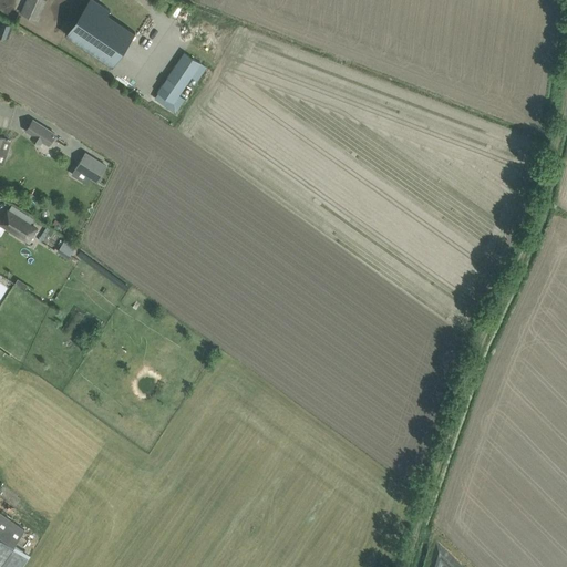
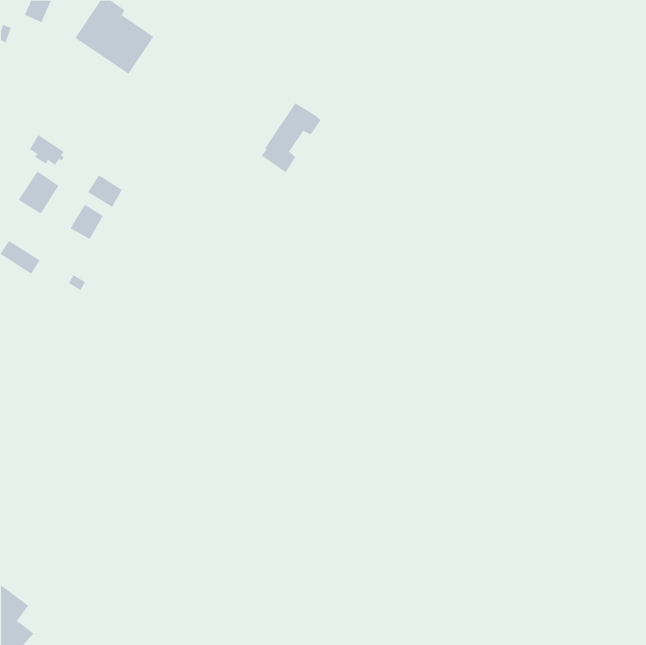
building: [154,52,207,114] -> [261,102,321,173]
building: none -> [18,171,59,215]
building: none -> [70,204,104,240]

